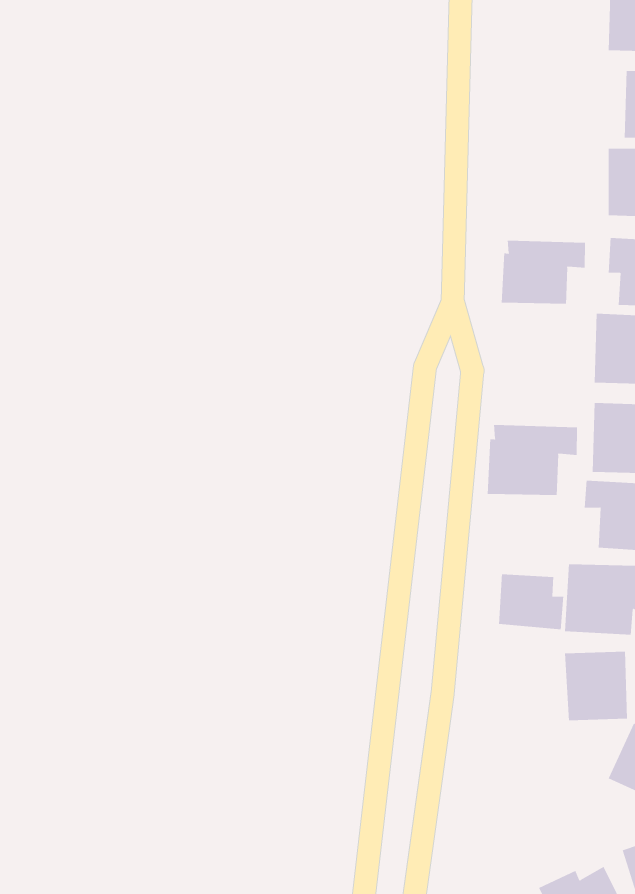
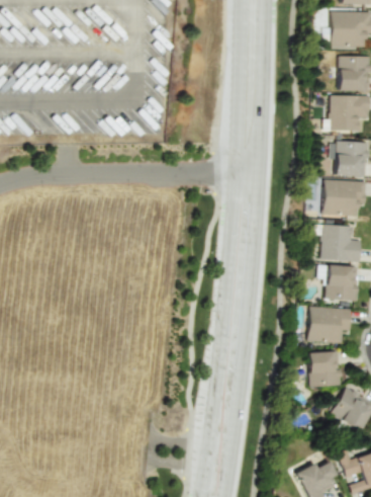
building: [501,240,585,305] -> none
building: [487,424,578,496] -> none
building: [499,574,564,630] -> none

